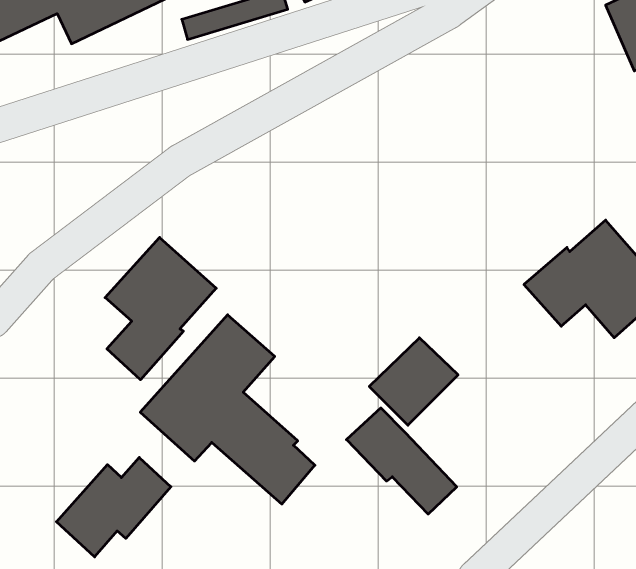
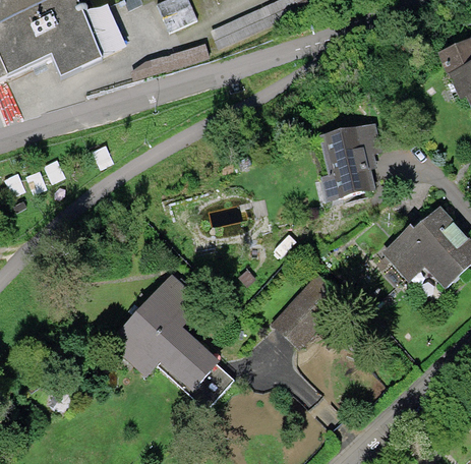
building: none -> [316,120,380,201]
building: [105,237,216,380] -> none
building: [56,457,171,557] -> none

